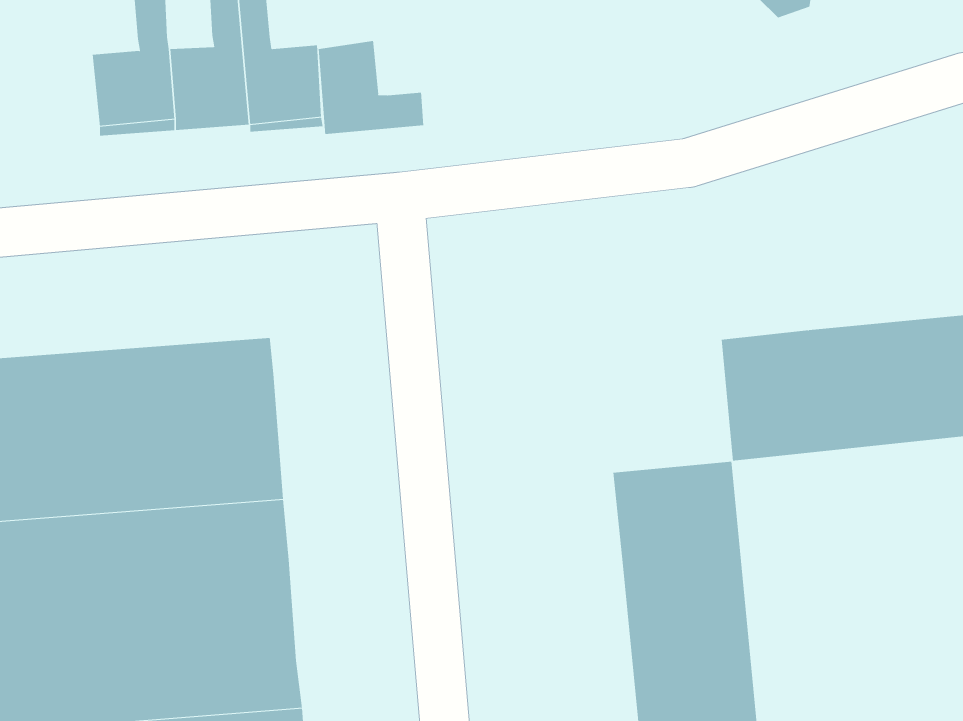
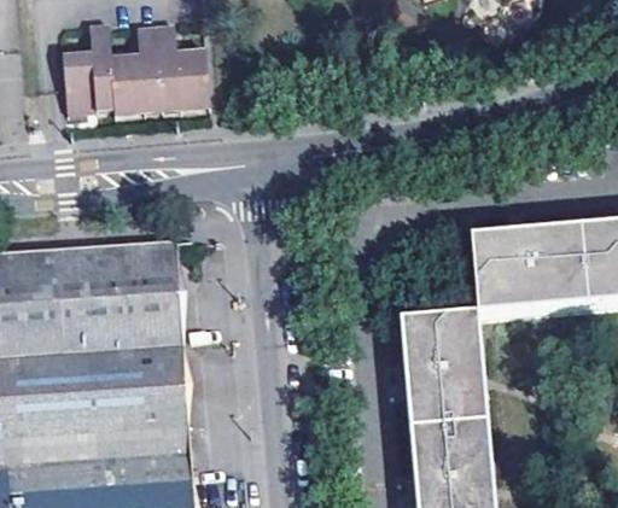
building: [318,40,424,135] -> none

